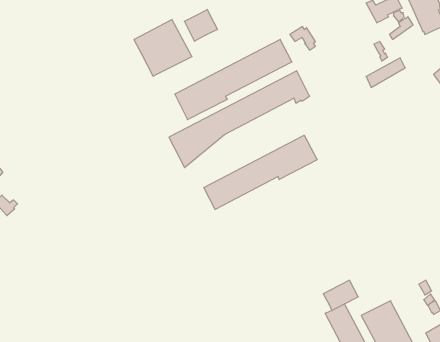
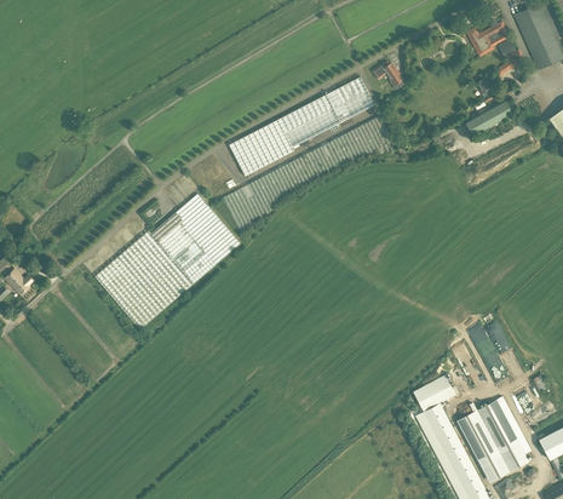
building: [184,9,217,41] -> none
building: [134,20,192,76] -> none
building: none -> [94,193,241,329]
building: [204,135,317,209] -> none

